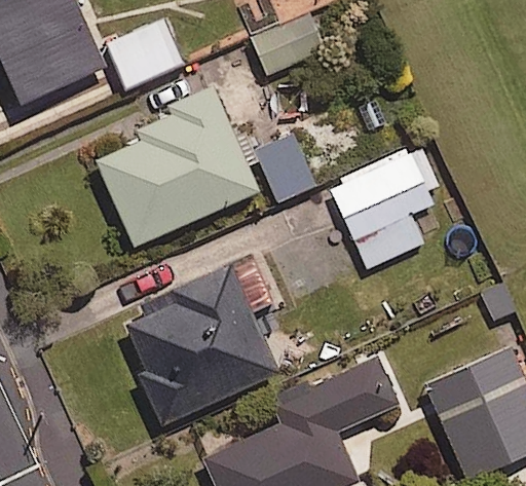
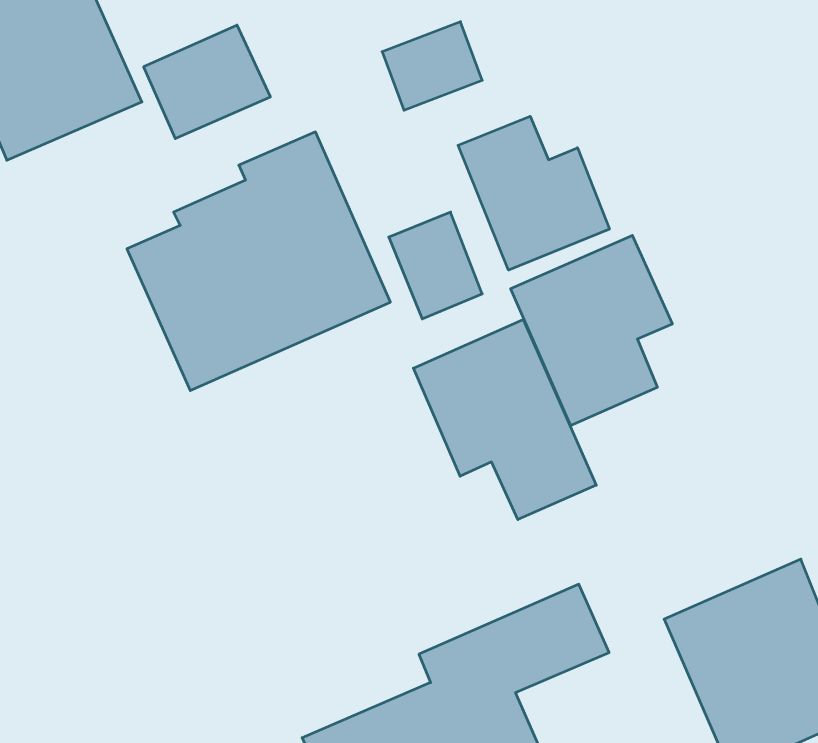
building: none -> [458,116,609,270]
building: none -> [413,320,596,520]
building: [123,254,284,422] -> none

